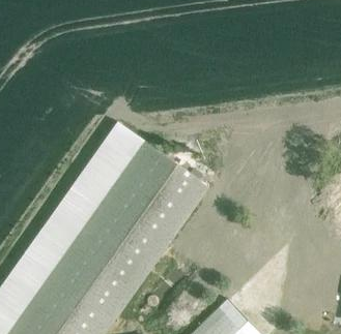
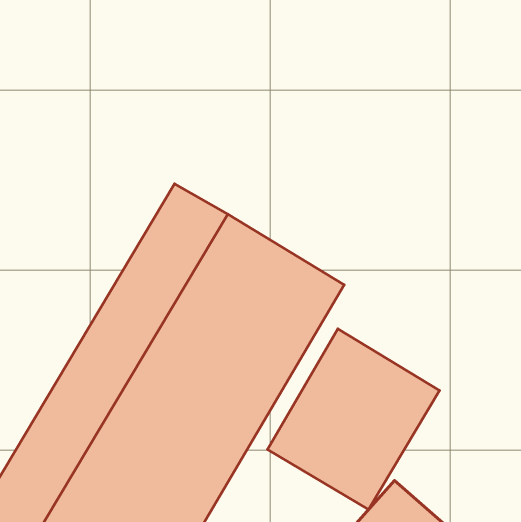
building: none -> [268,329,440,510]

